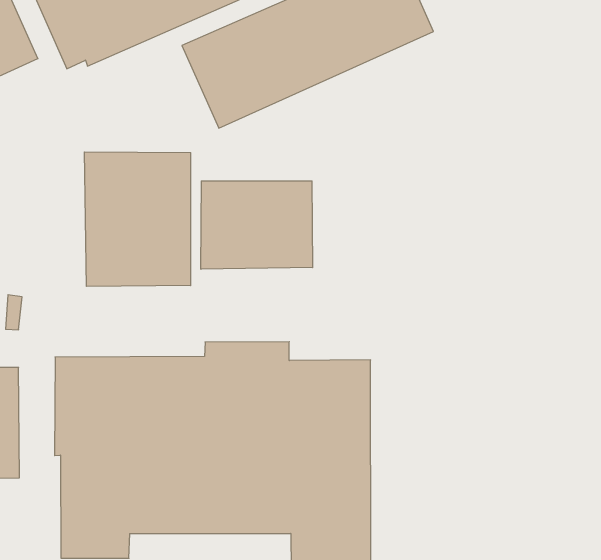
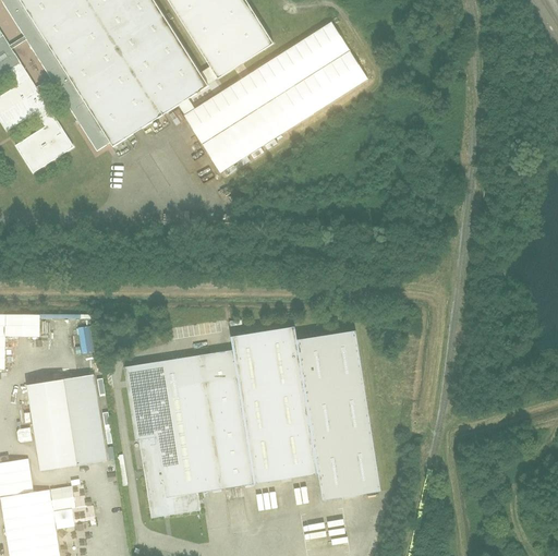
building: [85,152,191,286] -> none
building: [201,181,313,269] -> none

